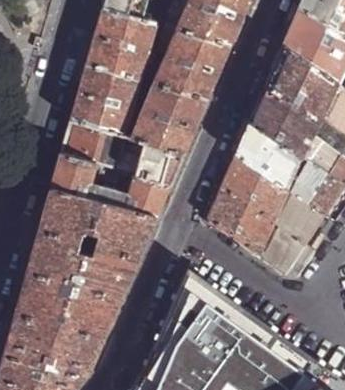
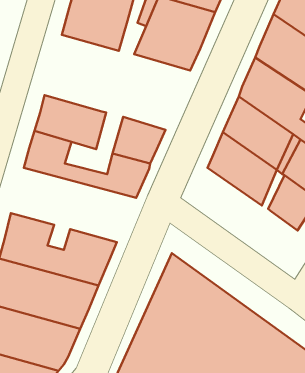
building: [70,67,139,138] -> none
building: [129,85,205,155] -> none
building: [89,166,133,196] -> none
building: [39,190,155,259] -> none
building: [207,190,271,258] -> none
building: [262,230,304,278] -> none

